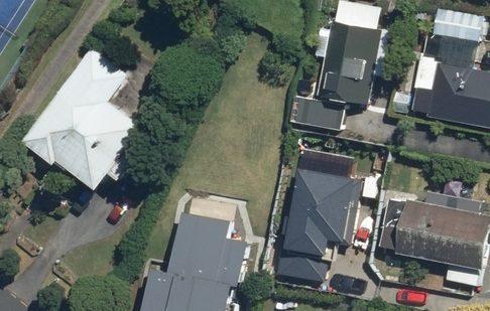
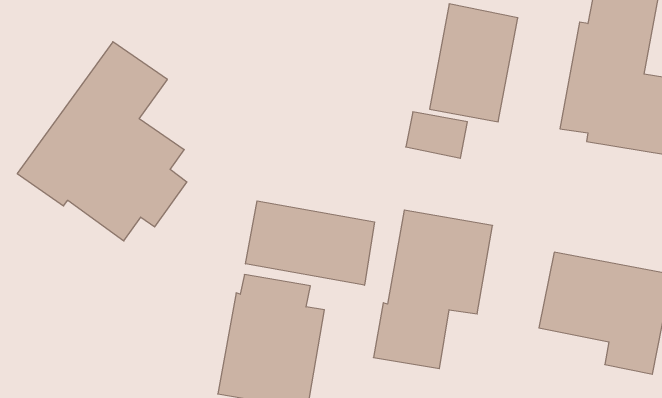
building: none -> [246,201,374,285]

